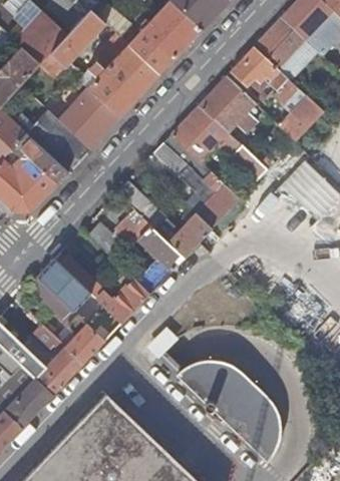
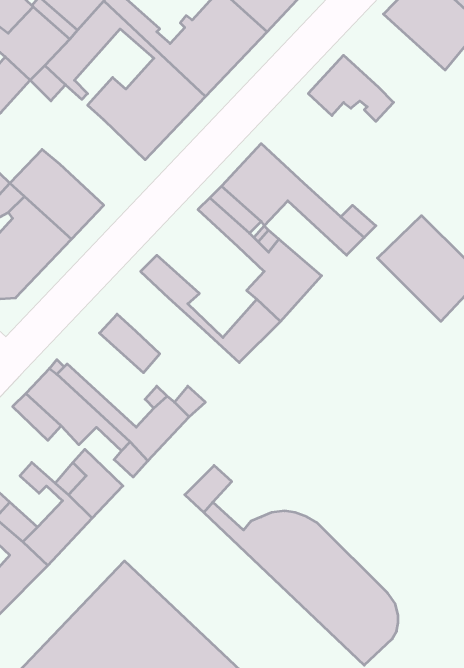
building: [254,19,327,69] -> none
building: [198,77,257,134] -> none
building: [276,79,324,141] -> none
building: [60,91,118,149] -> none
building: [115,212,183,271] -> none

